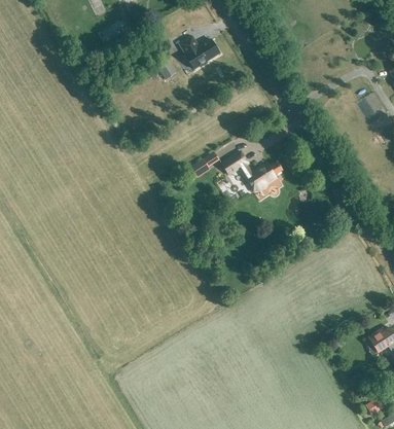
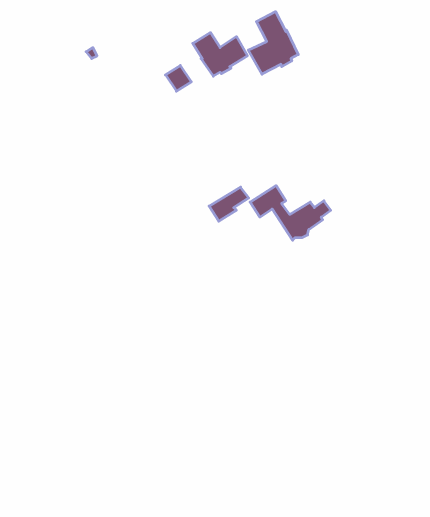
building: none -> [248,12,298,74]

